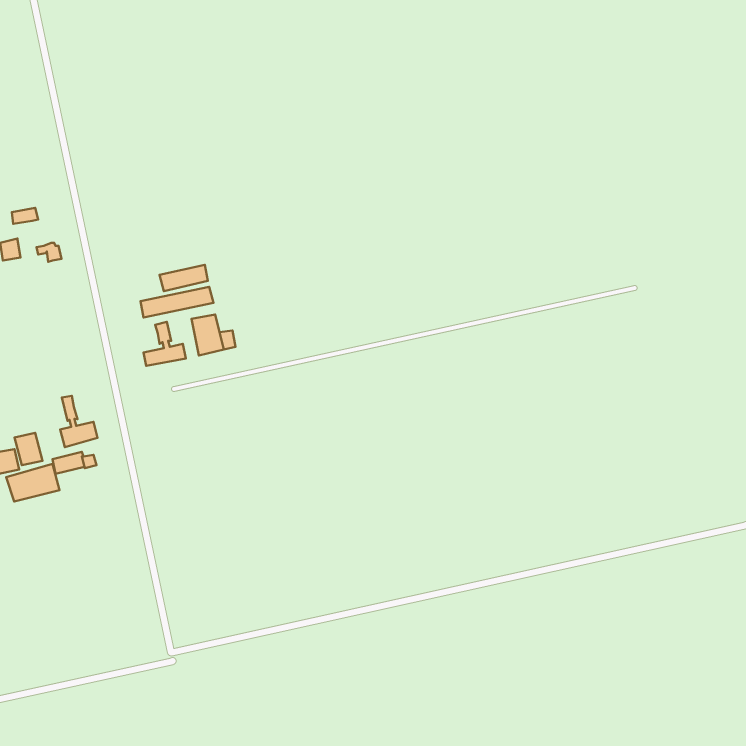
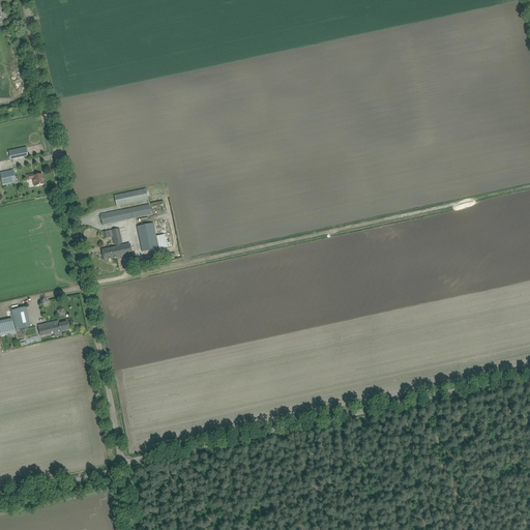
building: [60,396,97,447] -> none
building: [6,464,60,502] -> none

